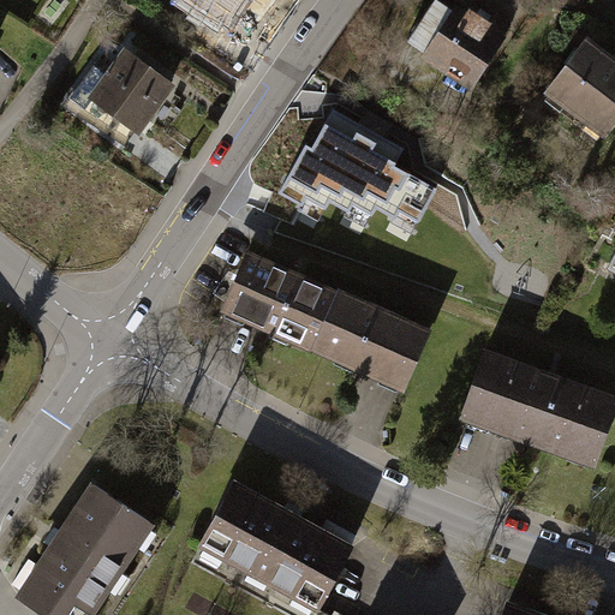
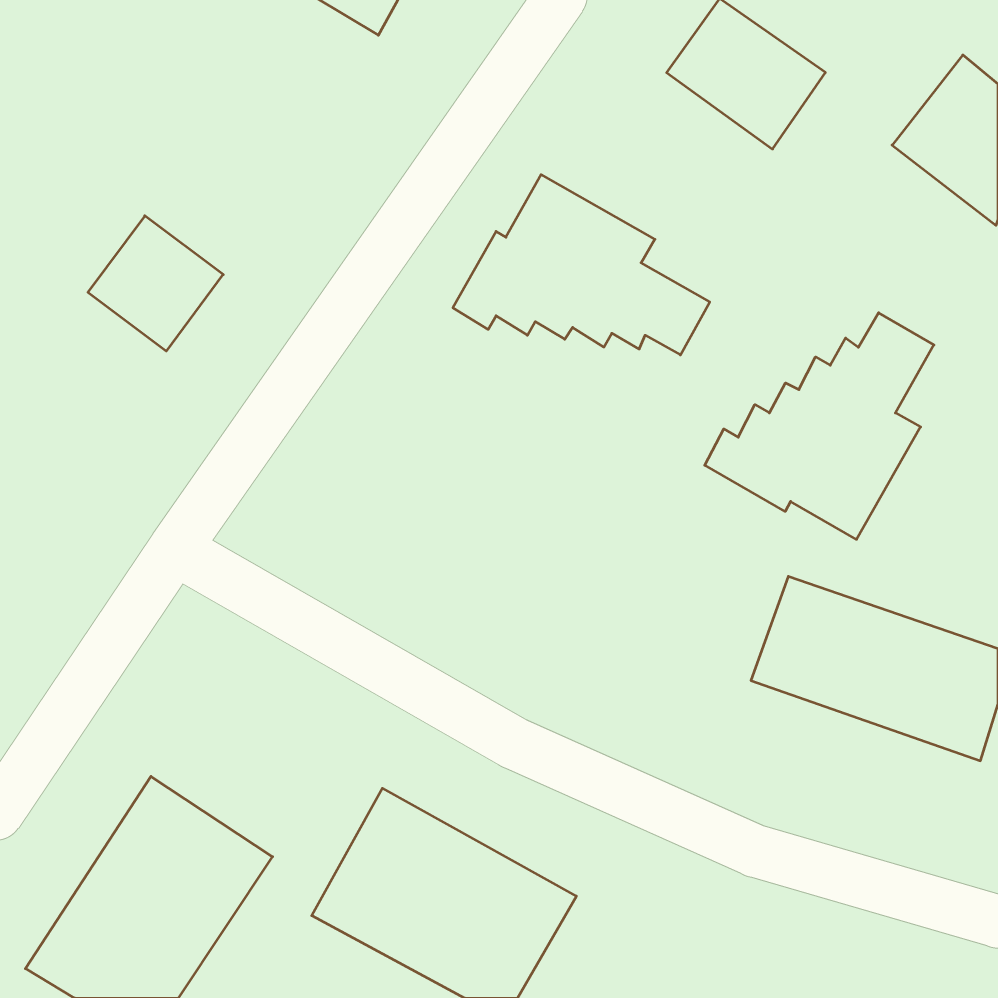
building: [90,53,173,136] -> [88,216,223,351]
building: none -> [705,313,934,539]
building: [217,250,429,396] -> none

